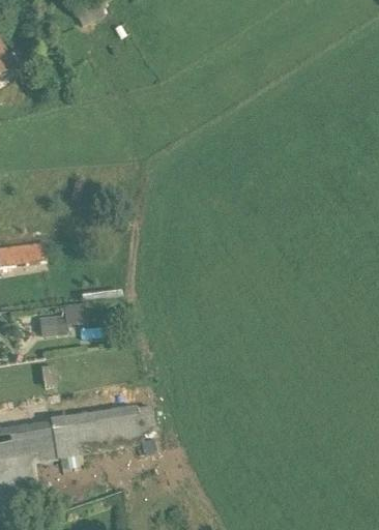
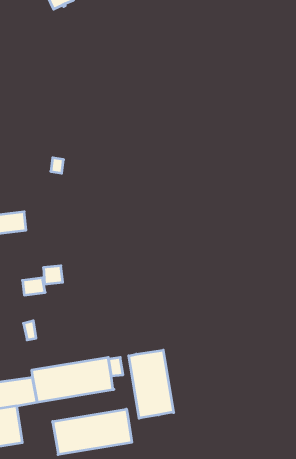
building: none -> [129,350,174,418]
building: none -> [53,409,132,455]

